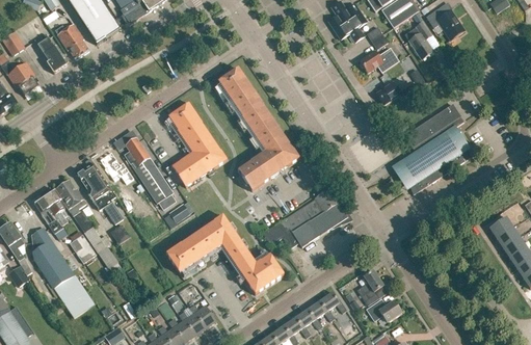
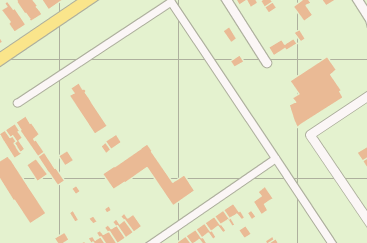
building: [359,46,398,71] -> none
building: [217,67,299,190] -> none
building: [168,101,227,186] -> none
building: [76,161,123,222] -> none
building: [262,187,347,247] -> none
building: [366,299,401,321] -> none

